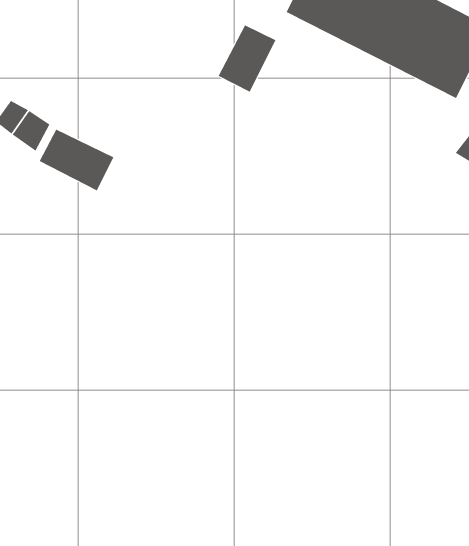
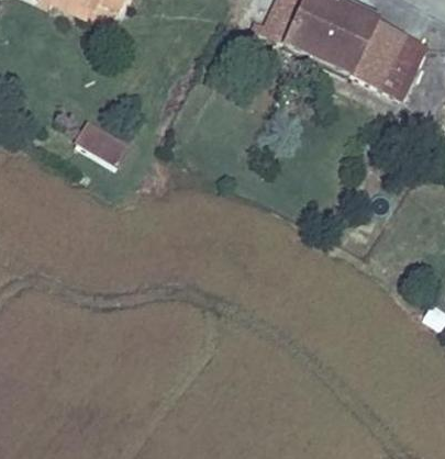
building: [218,24,276,93] -> none

